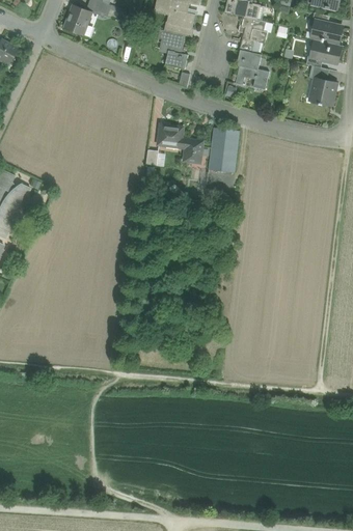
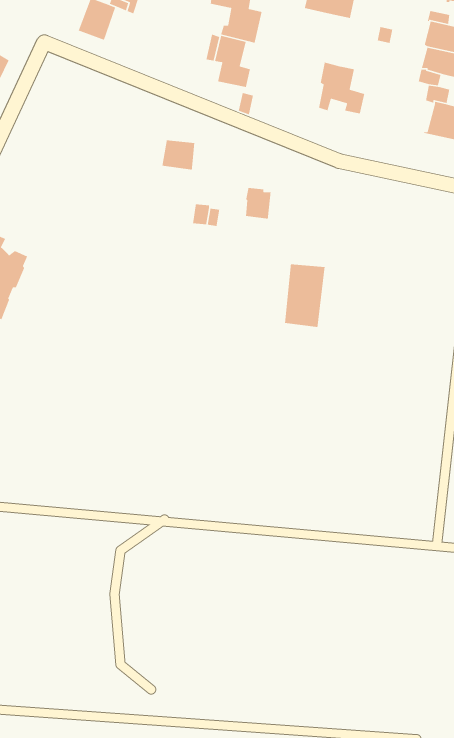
building: [239,17,266,53] -> none
building: [158,125,182,147] -> [162,140,195,170]
building: [210,128,239,173] -> [284,264,325,328]

